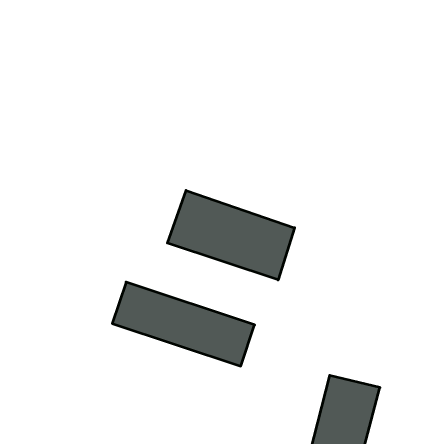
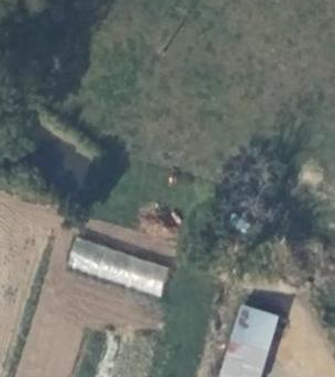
building: [167,190,295,280] -> none

